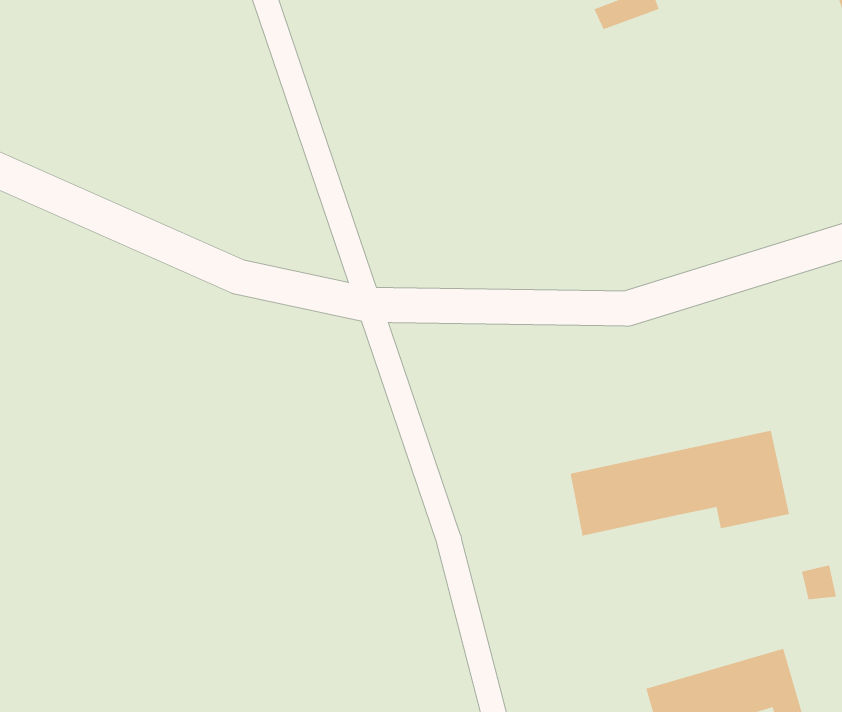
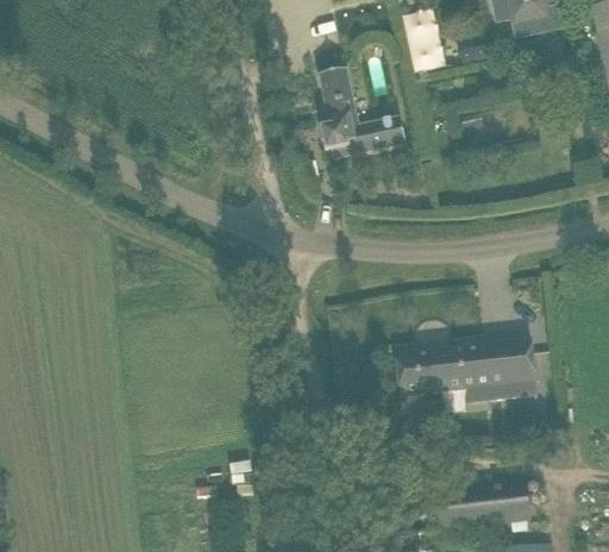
building: none -> [316,68,404,159]

